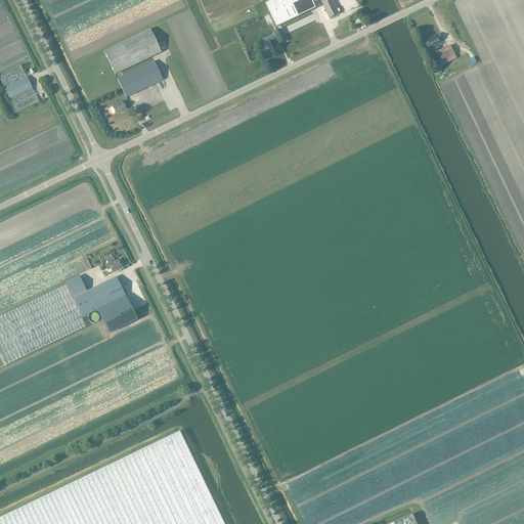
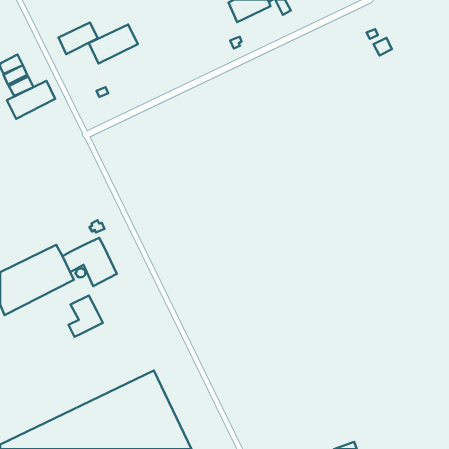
building: [117,60,163,97] -> [58,22,98,54]
building: none -> [7,81,55,119]
building: none -> [69,296,103,337]

